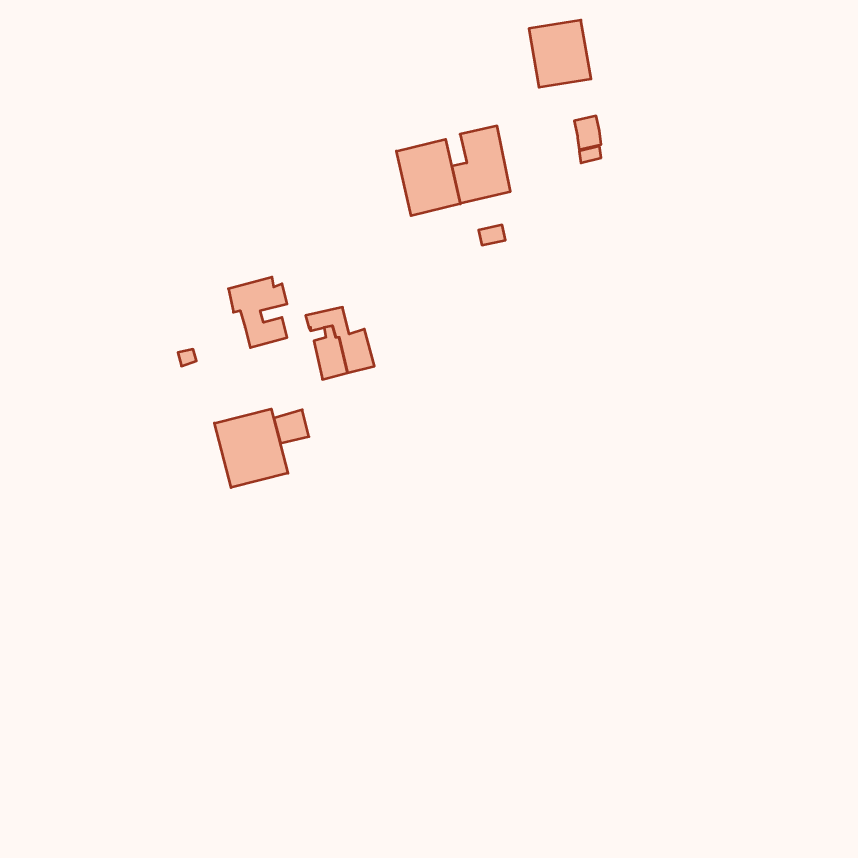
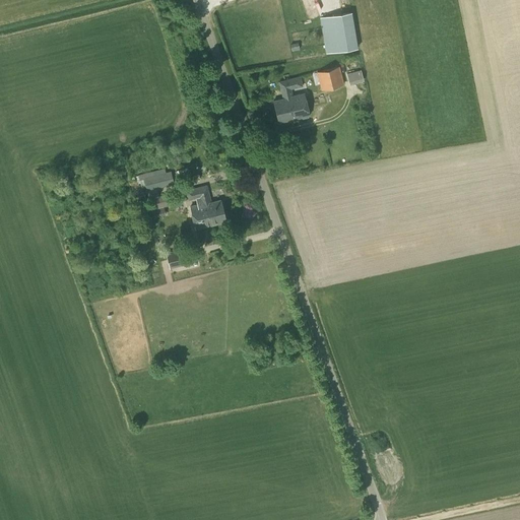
building: none -> [316,66,344,90]
building: [396,139,460,216] -> none
building: [214,409,288,488] -> none

